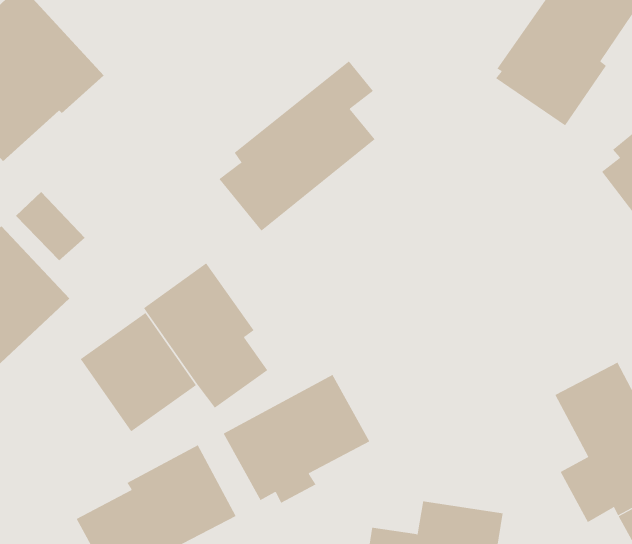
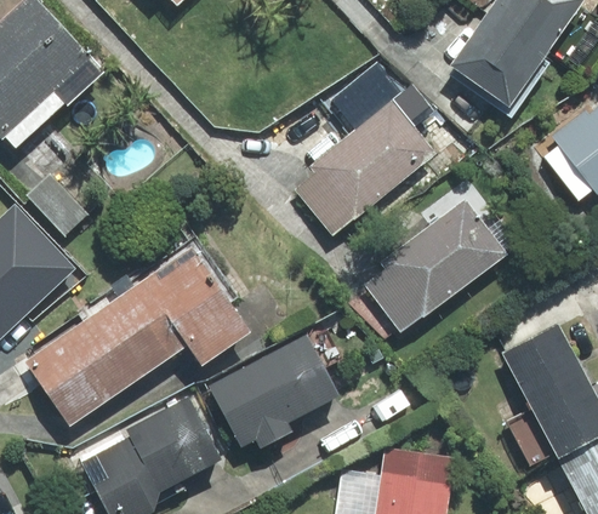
building: [219,61,375,231] -> [295,85,433,235]
building: none -> [363,177,514,332]
building: none -> [24,321,127,426]

